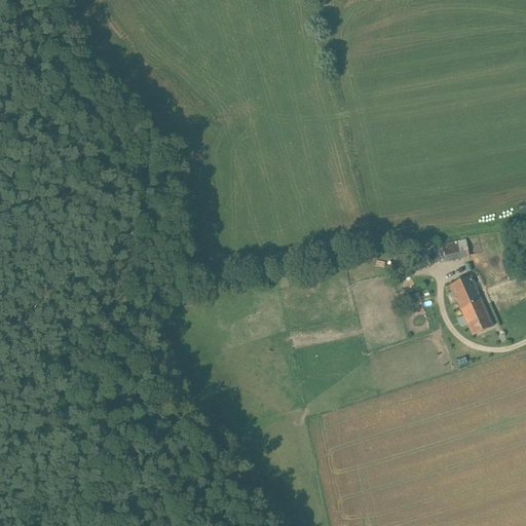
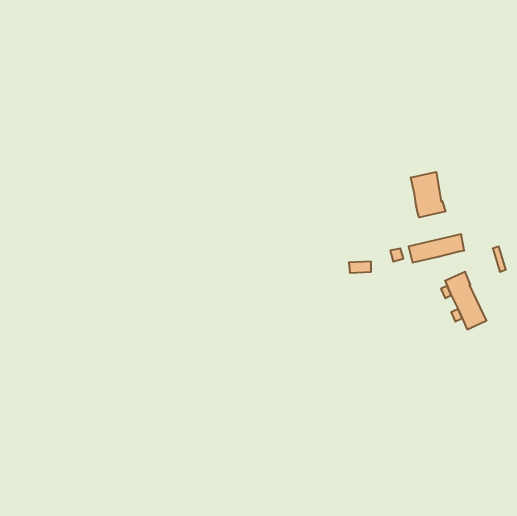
building: none -> [411,172,446,217]

